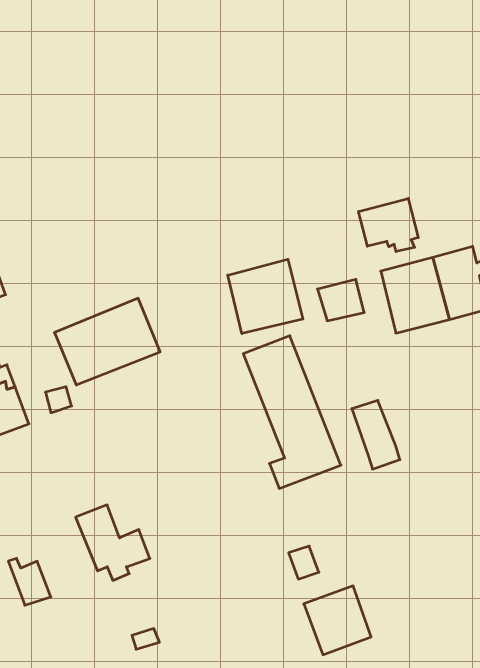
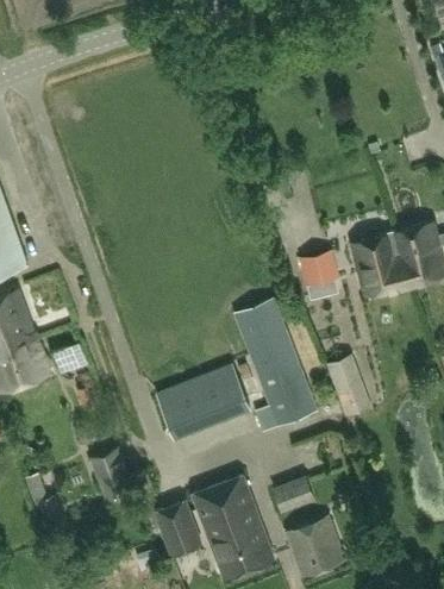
building: [359,198,418,252] -> none
building: [228,259,303,334] -> none
building: [54,298,160,385] -> [158,364,250,439]
building: none -> [193,476,274,578]
building: none -> [155,500,201,556]

